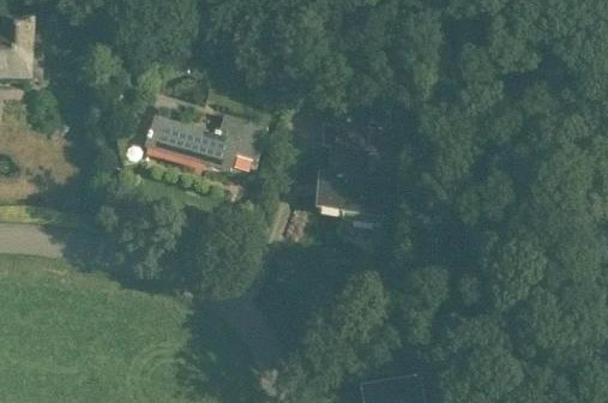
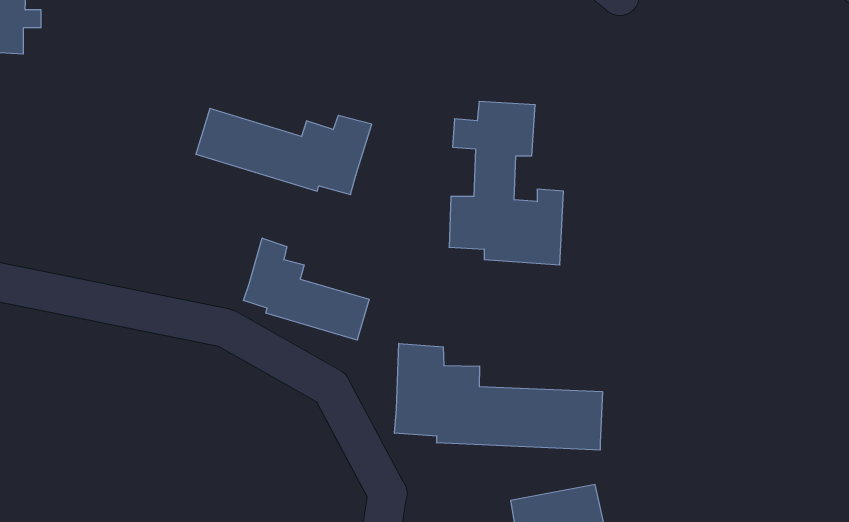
building: none -> [244,238,369,340]
building: none -> [395,343,602,450]

